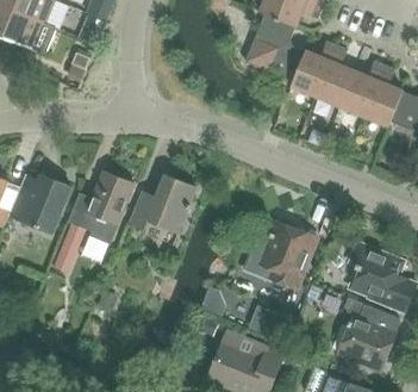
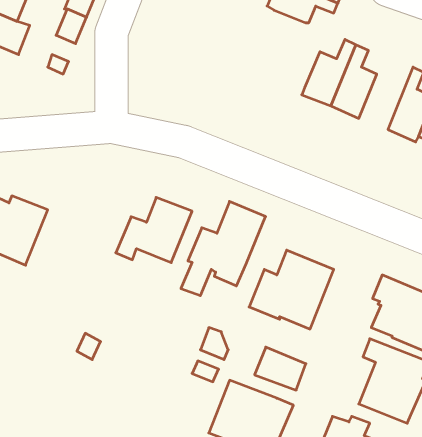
building: [244,14,304,81] -> none
building: [337,58,383,117] -> none
building: [61,170,133,251] -> [181,201,266,296]

